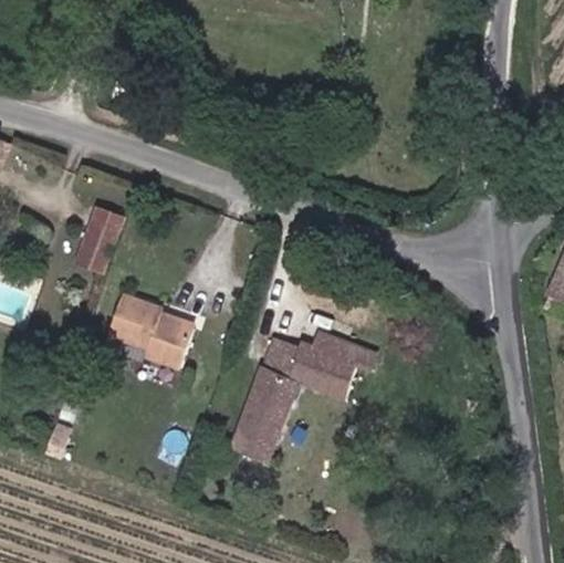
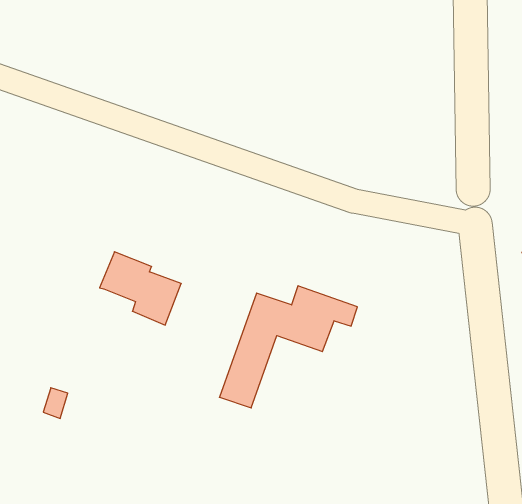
building: [74,208,124,272] -> none

